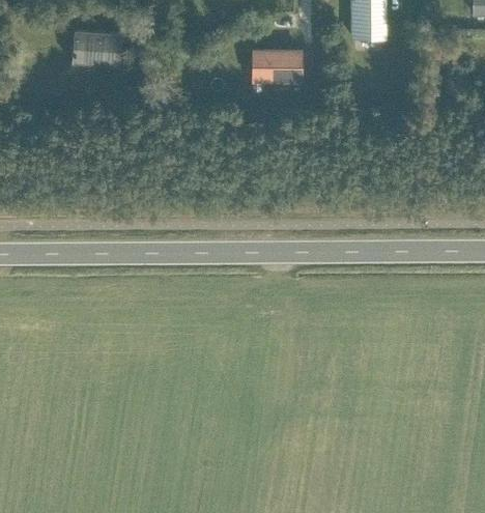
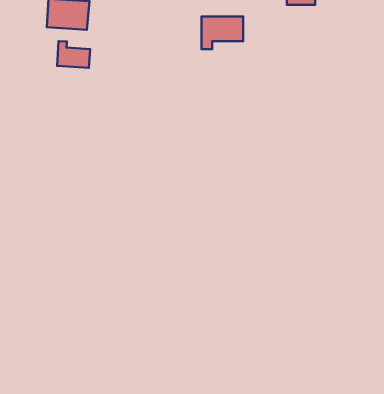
building: none -> [57,41,90,68]

